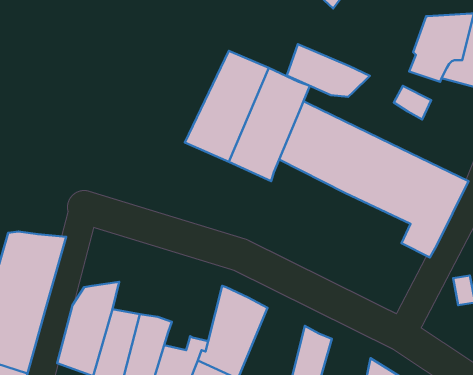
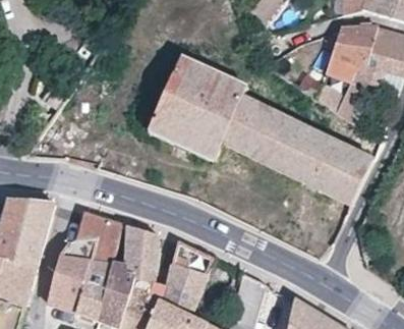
building: [287,44,370,97] -> none
building: none -> [74,212,122,264]
building: none -> [126,226,159,285]

